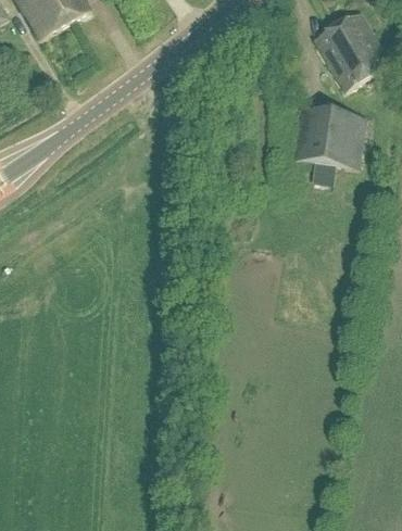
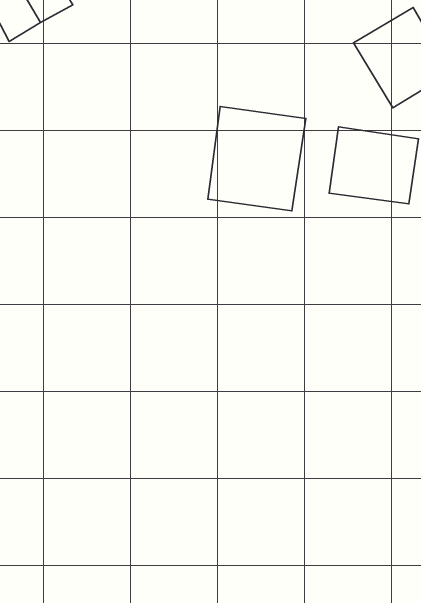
building: none -> [208,106,306,211]

